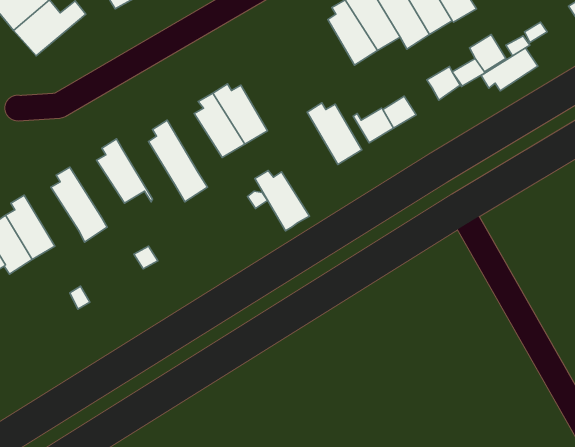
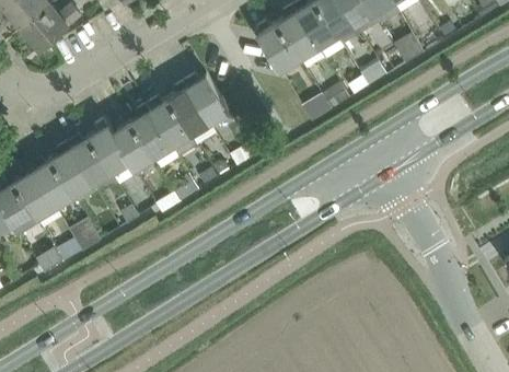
building: [481,48,538,91] -> none
building: [307,103,362,164] -> [256,21,301,71]
building: none -> [111,120,154,168]
building: none -> [68,136,113,184]
building: [255,171,310,231] -> [148,97,193,147]
building: none -> [31,158,76,207]

